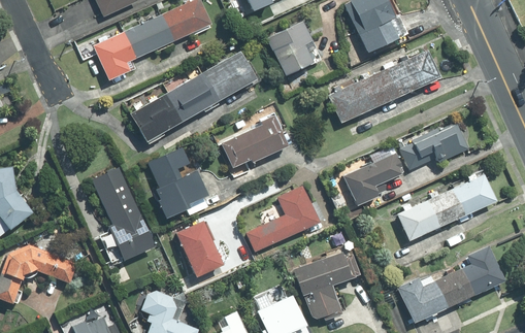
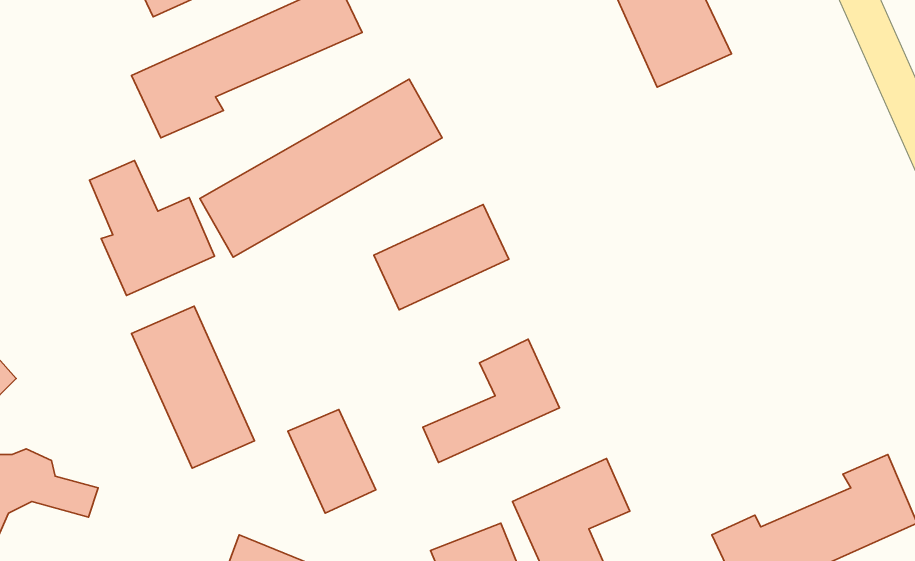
building: [268,21,322,76] -> none
building: [328,51,438,122] -> none
building: [398,121,468,171] -> none
building: [147,152,214,223] -> [89,160,215,295]
building: [343,153,403,203] -> none
building: [395,174,493,238] -> none

